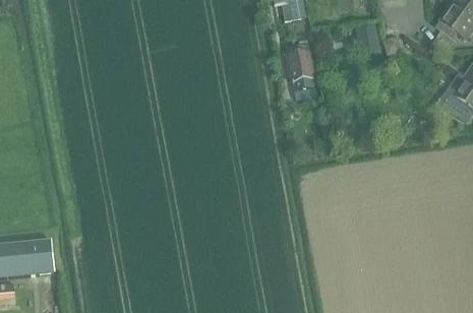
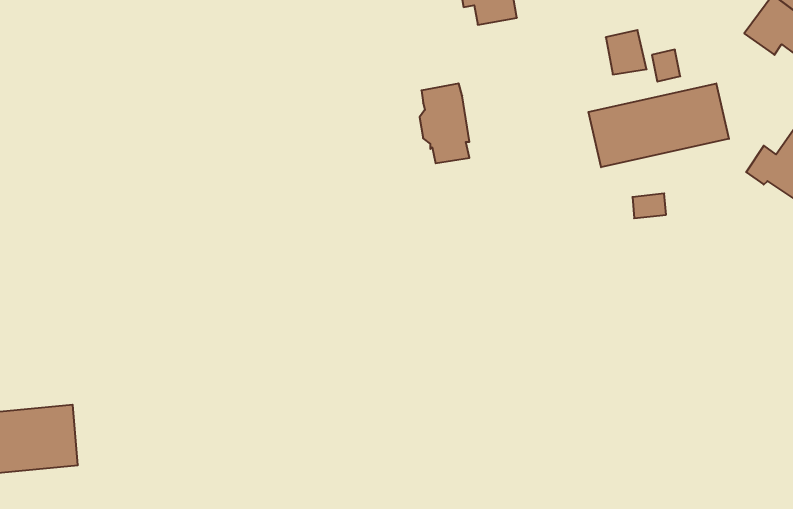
building: [285,44,313,89] -> [420,83,469,163]
building: none -> [588,83,729,167]

